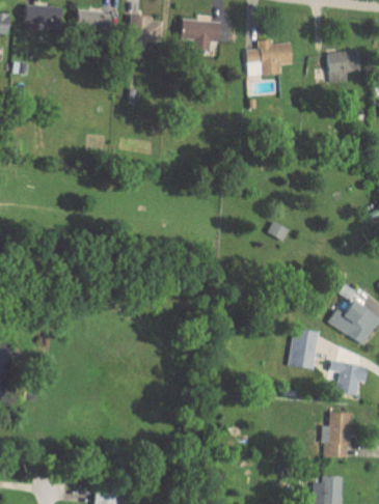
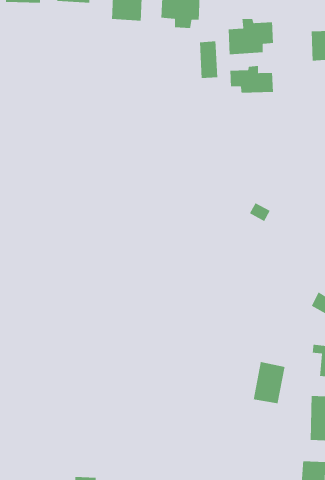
building: none -> [199,41,218,79]
building: none -> [229,65,274,94]
building: [288,328,320,370] -> [253,361,285,404]

